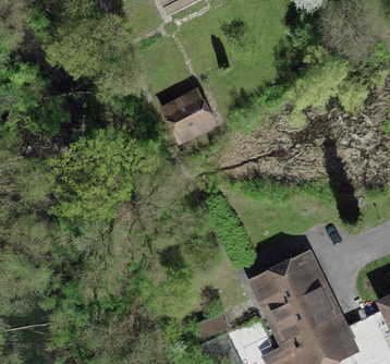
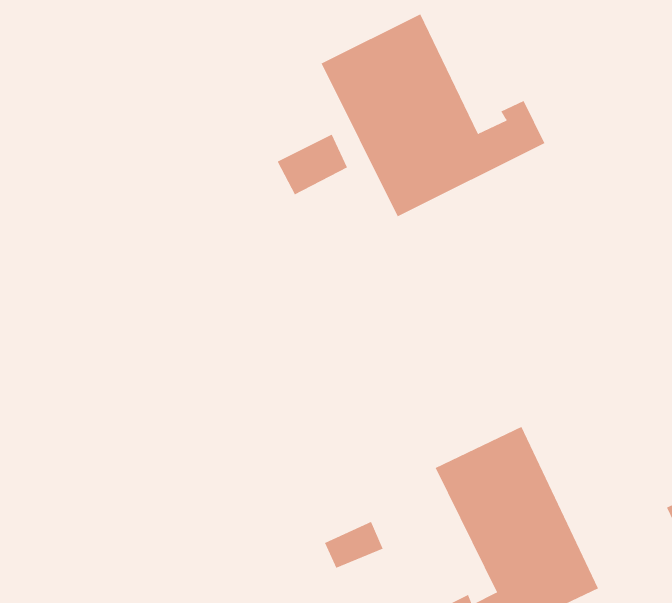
building: none -> [321,14,545,217]

